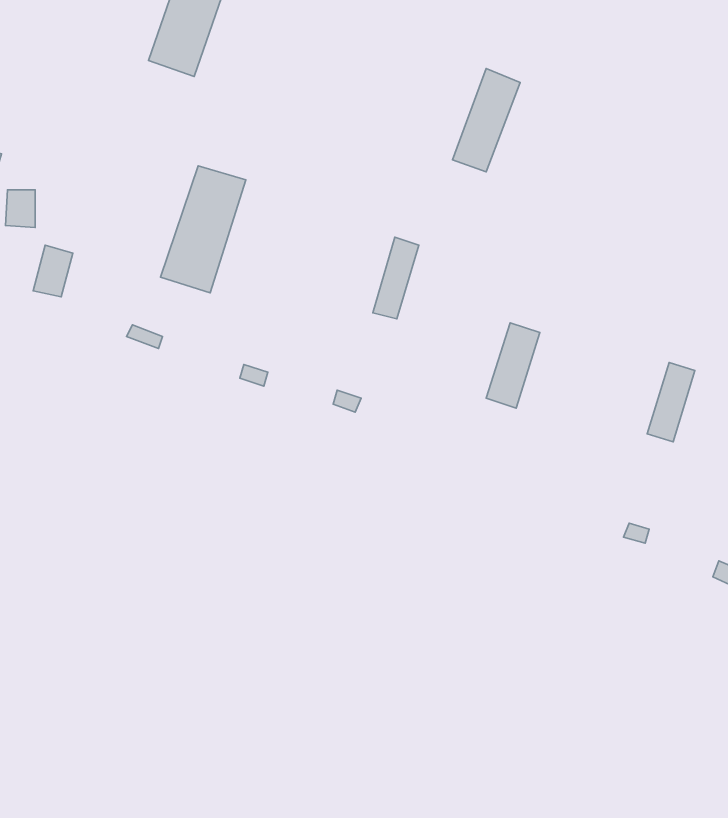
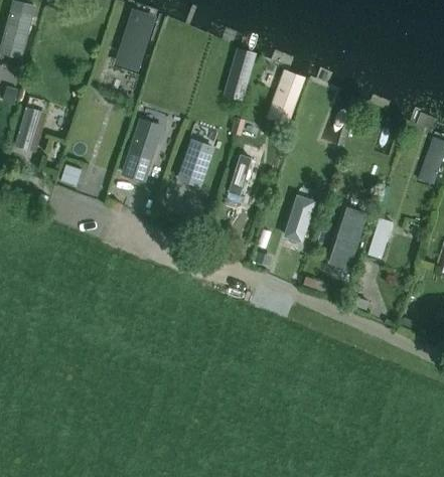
building: none -> [223,48,255,102]
building: none -> [179,140,212,185]
building: none -> [330,207,368,269]

